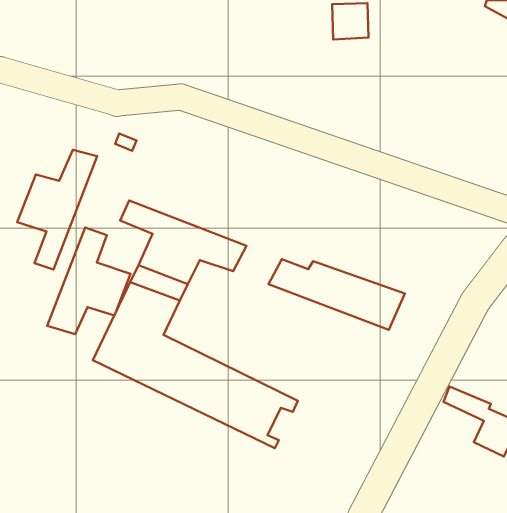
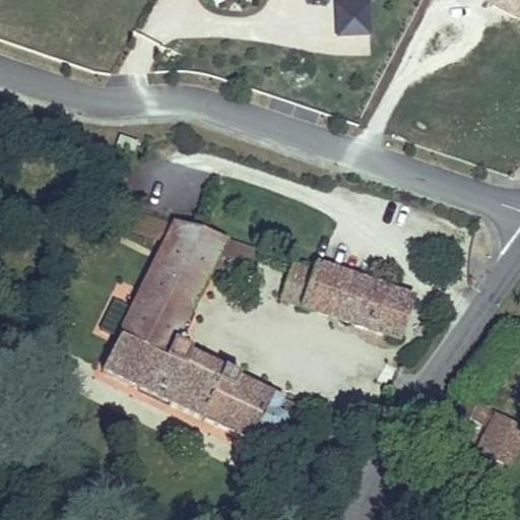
building: [17,150,97,269] -> none
building: [47,228,130,334] -> none

